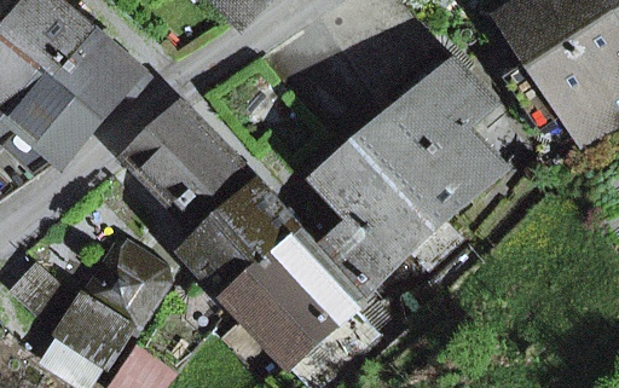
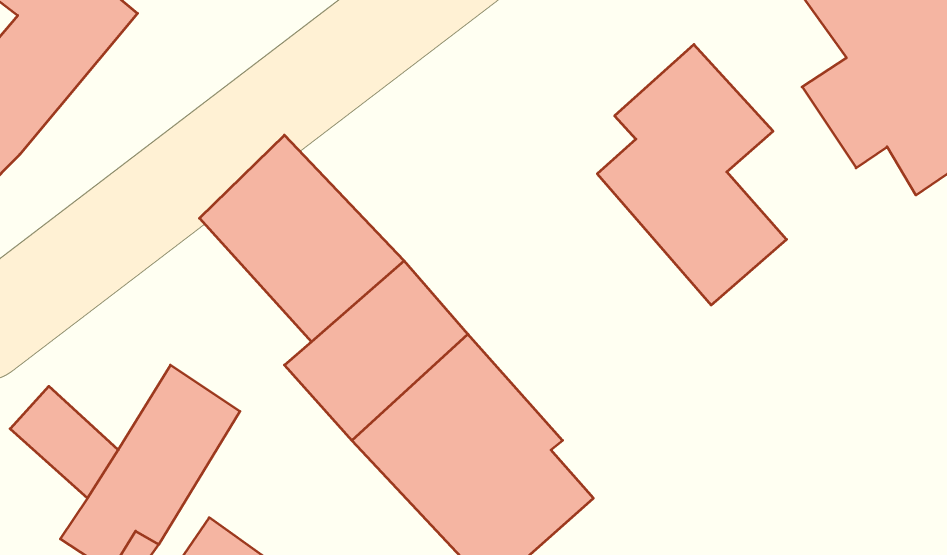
building: [18,30,147,156] -> none
building: [322,131,456,289] -> none

